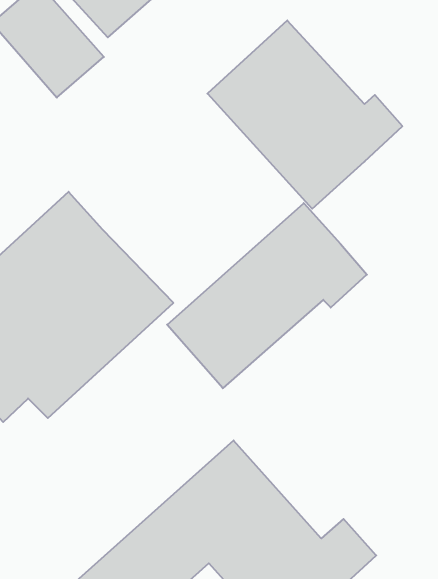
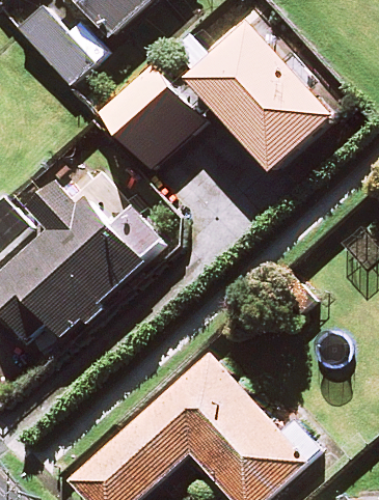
building: none -> [99,67,201,170]
building: [167,203,367,388] -> none

